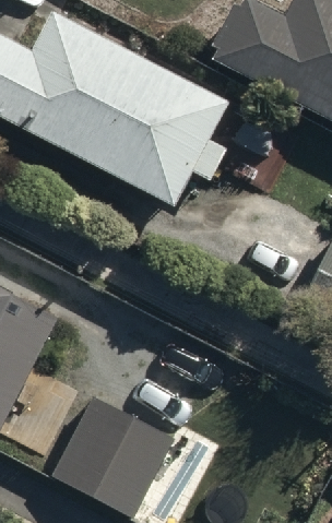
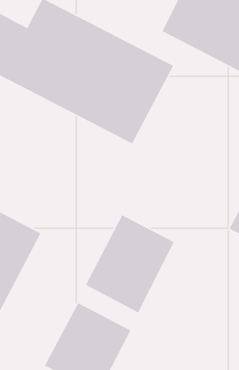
building: none -> [85,214,175,313]

